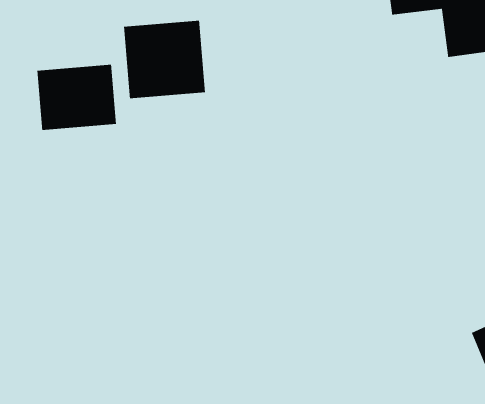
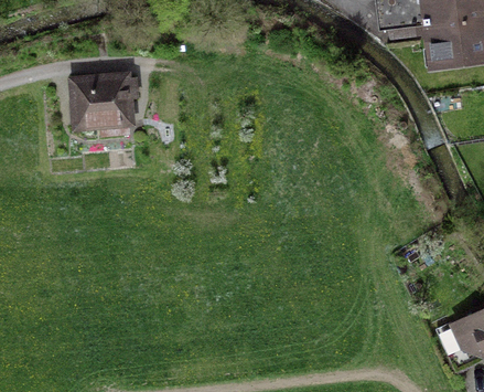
building: [123,20,206,99] -> none

